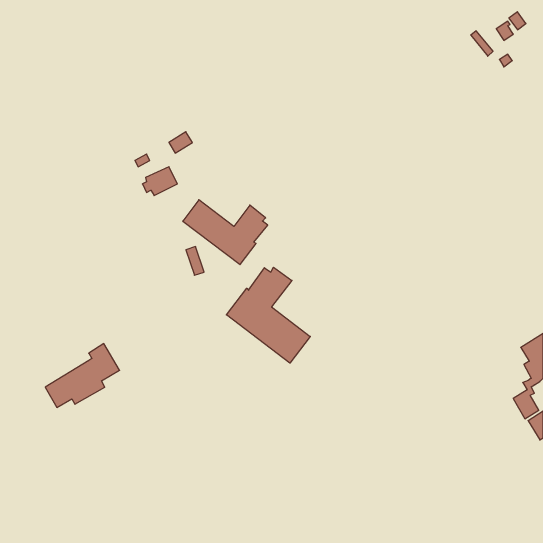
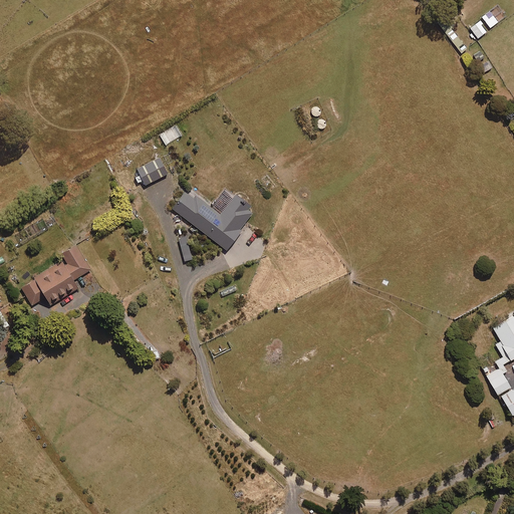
building: [226,267,310,363] -> none
building: [45,344,120,407] -> [21,244,91,304]

